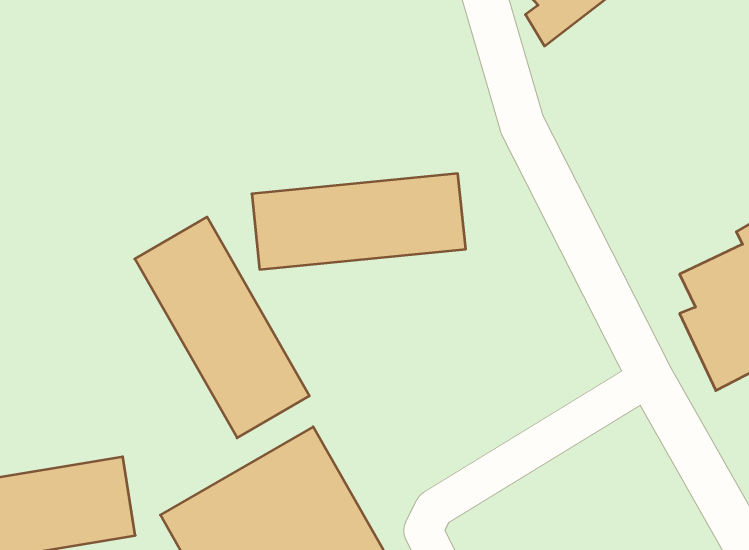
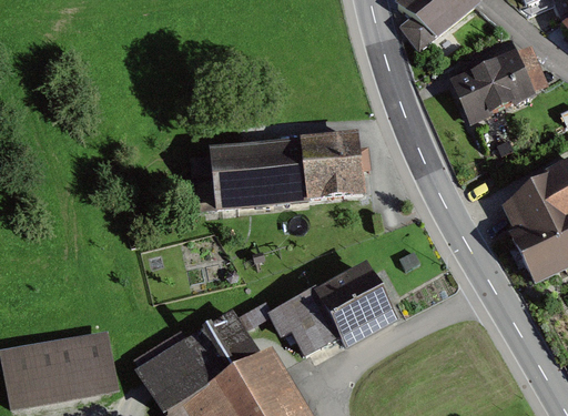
building: none -> [449,51,527,114]
building: [135,217,309,438] -> none
building: none -> [271,260,408,351]

